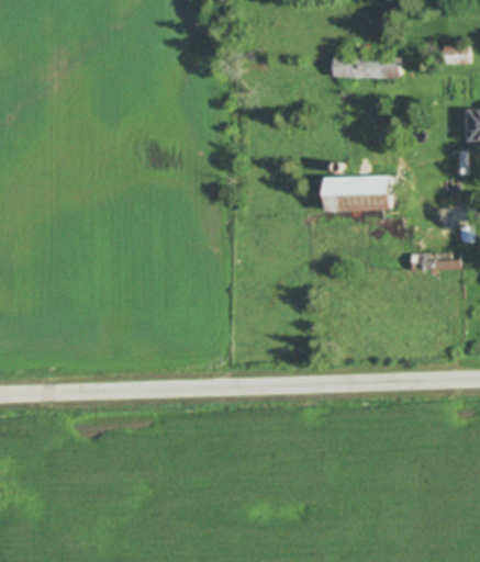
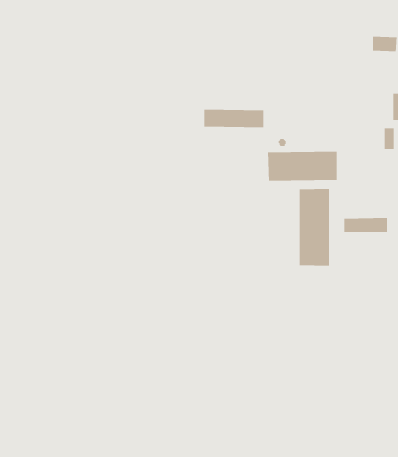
building: [331,56,400,78] -> [203,109,264,128]
building: none -> [299,188,330,266]

